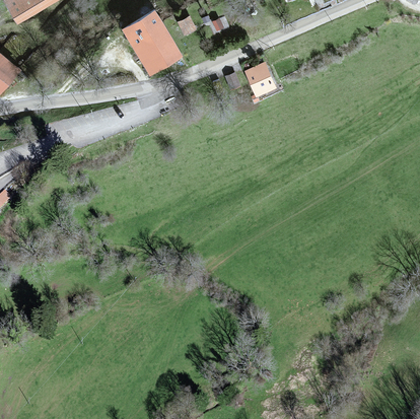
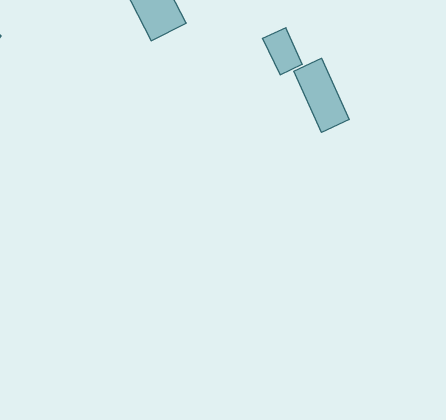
building: none -> [294,58,349,132]

